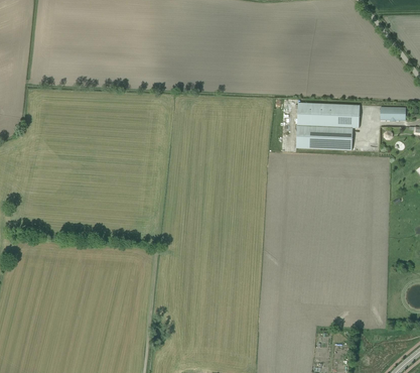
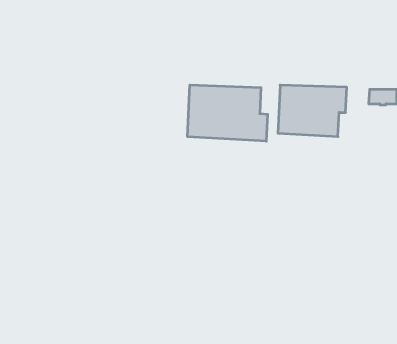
building: none -> [188,85,268,141]

